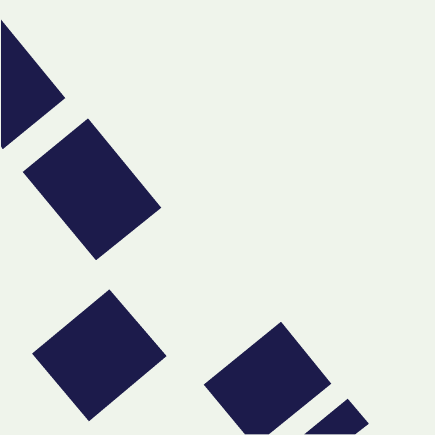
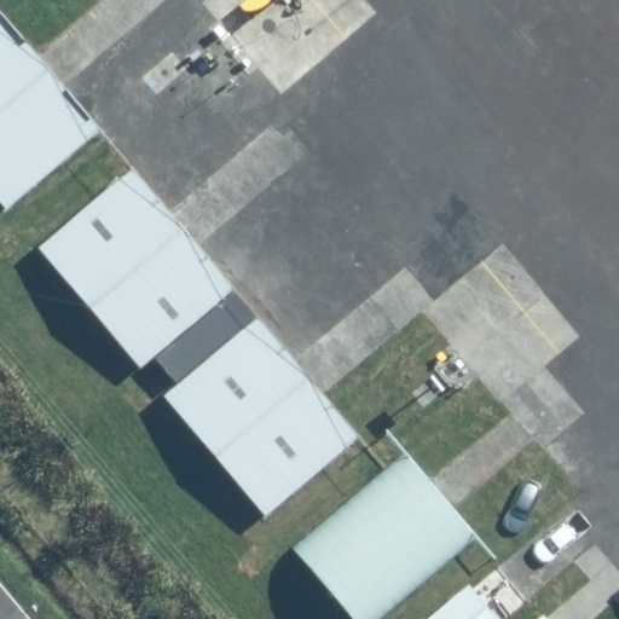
building: none -> [162,316,360,516]
building: [31,288,168,423] -> none

